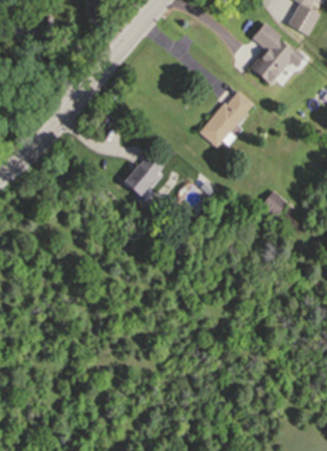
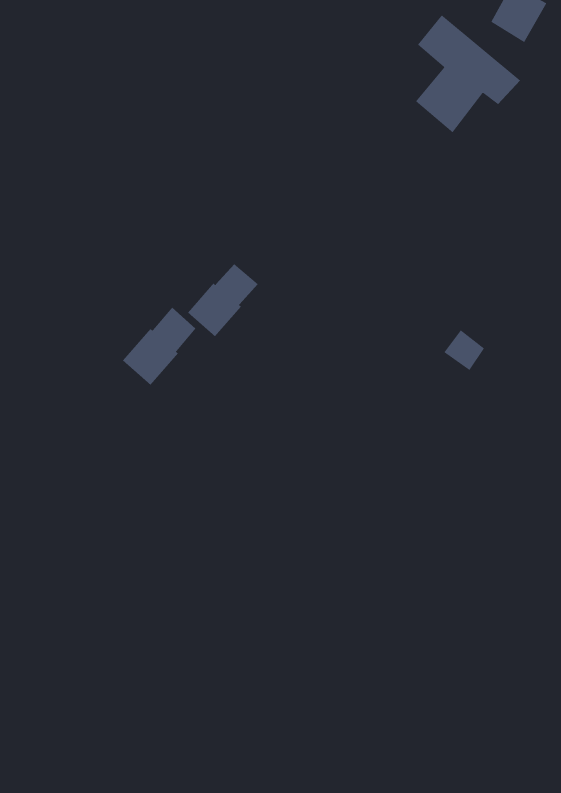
building: [201,92,253,146] -> none
building: none -> [122,307,196,386]

